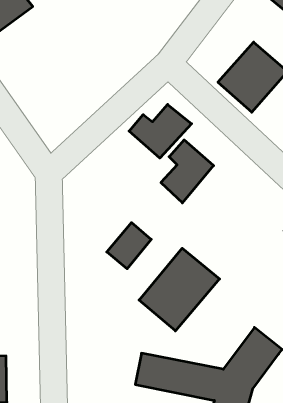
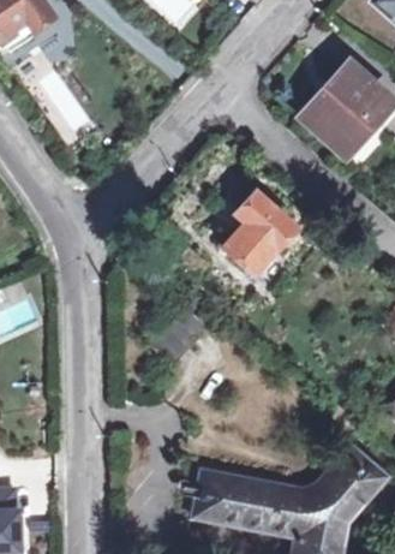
building: [129,104,192,158] -> none
building: [139,248,220,331] -> none

